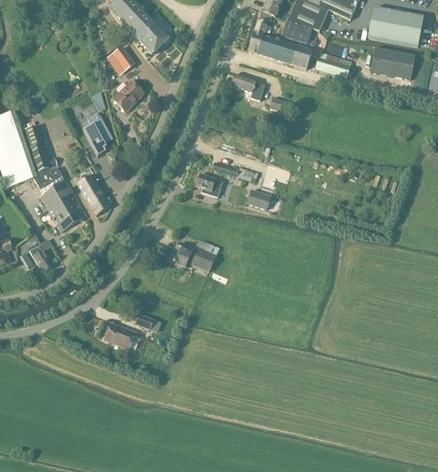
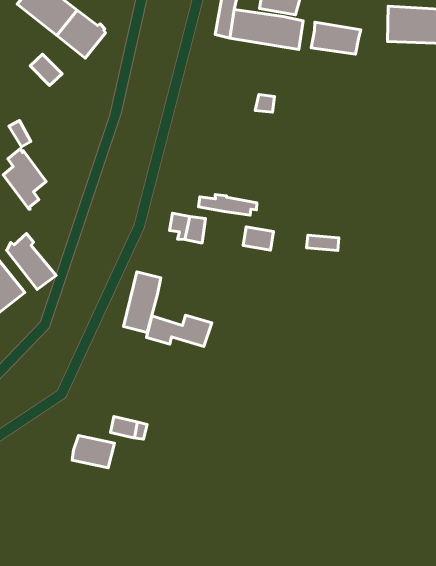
building: [231,74,265,99] -> none
building: [112,80,143,110] -> none
building: none -> [123,272,161,333]

